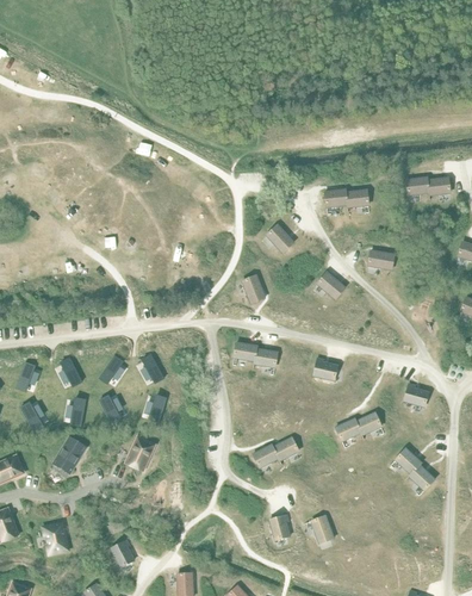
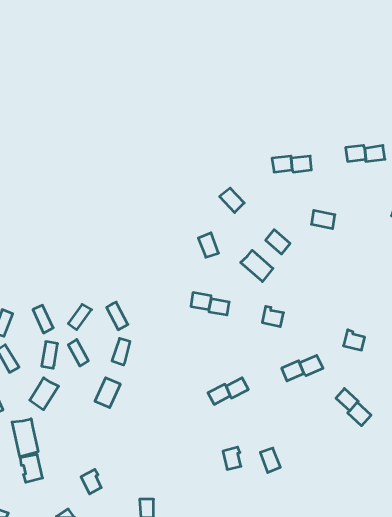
building: none -> [241,250,273,282]
building: none -> [12,419,38,457]

